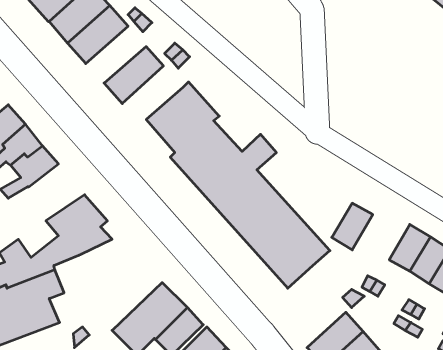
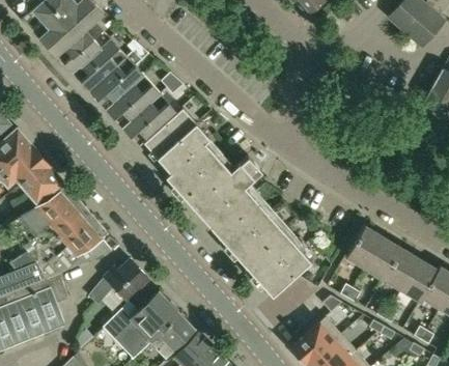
building: none -> [88,57,143,109]
building: none -> [121,93,176,146]
building: none -> [15,187,87,237]
building: [332,203,373,250] -> [345,227,383,270]
building: none -> [89,260,147,305]

